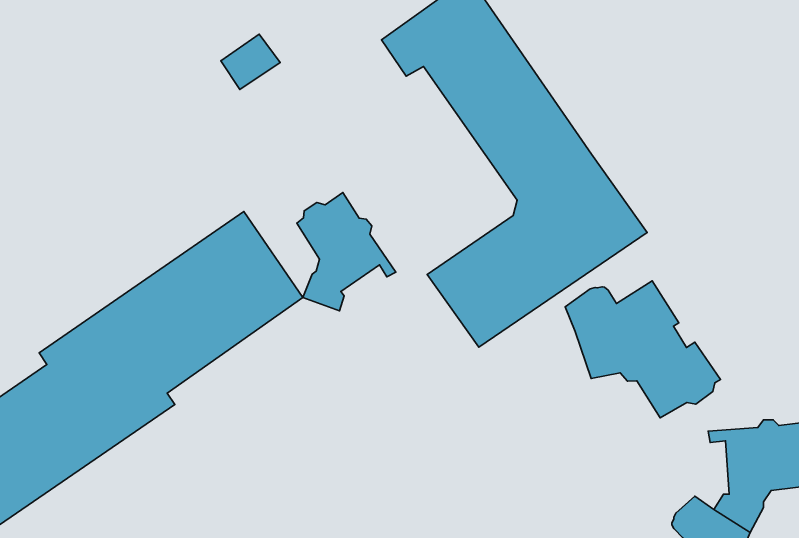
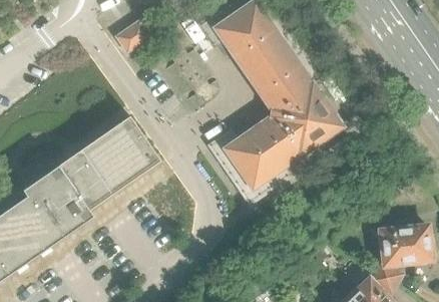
building: [297,193,396,311] -> none
building: [565,281,720,418] -> none

